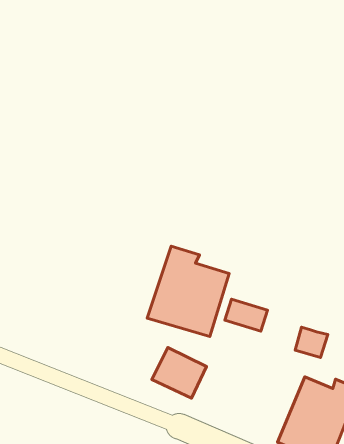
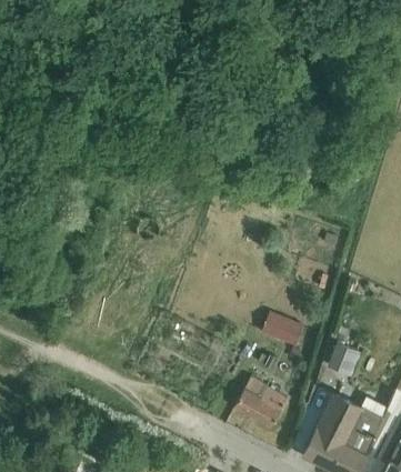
building: [147,246,229,336] -> none
building: [152,348,206,398] -> [233,378,288,429]

